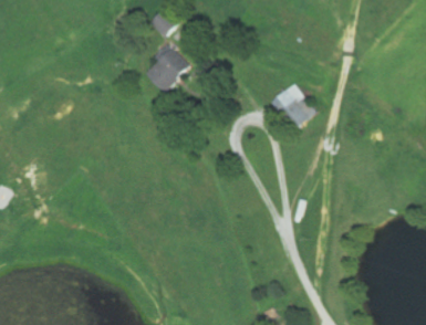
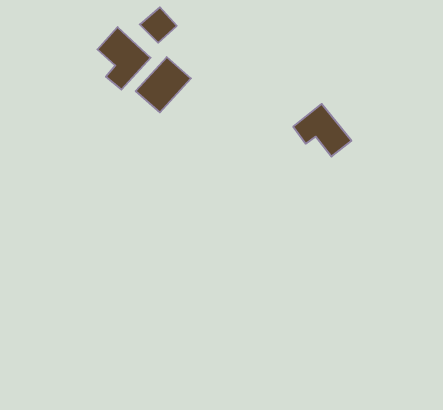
building: none -> [97,27,151,90]

